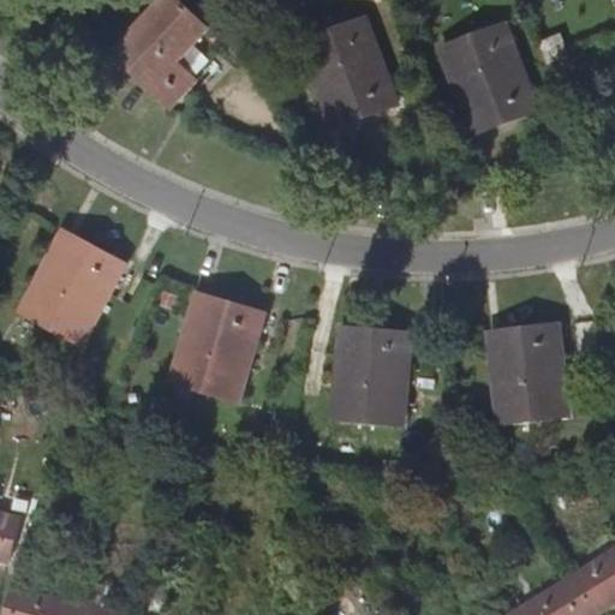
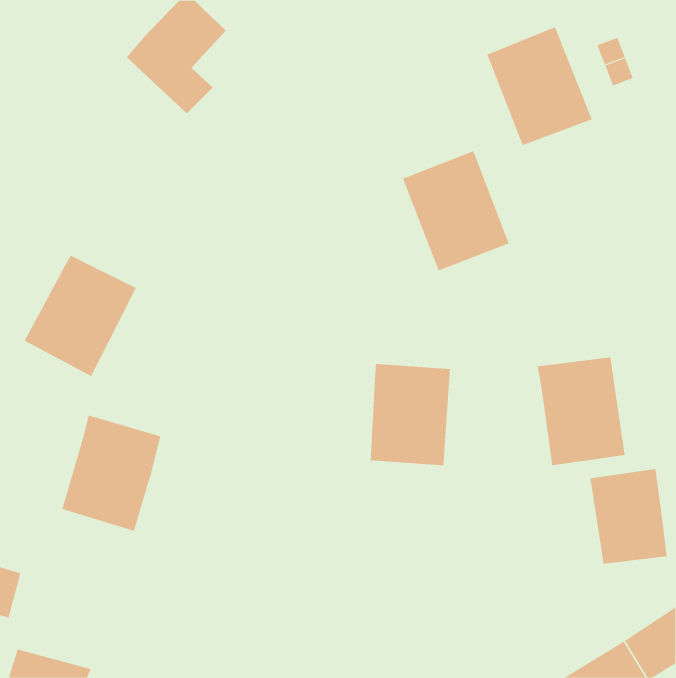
building: [301,18,399,127] -> [402,151,510,271]
building: [172,293,262,399] -> [62,415,161,532]
building: none -> [590,468,667,565]

